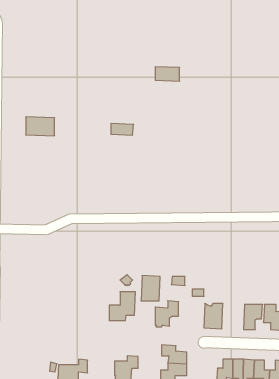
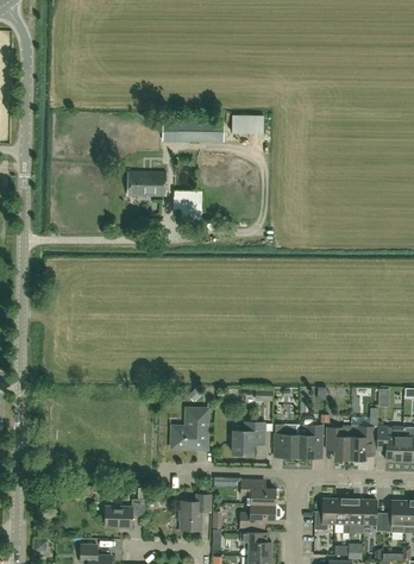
building: none -> [163,121,224,140]
building: [26,117,55,136] -> [127,171,165,196]
building: [141,276,160,301] -> [274,424,299,457]
building: none -> [326,426,351,459]

